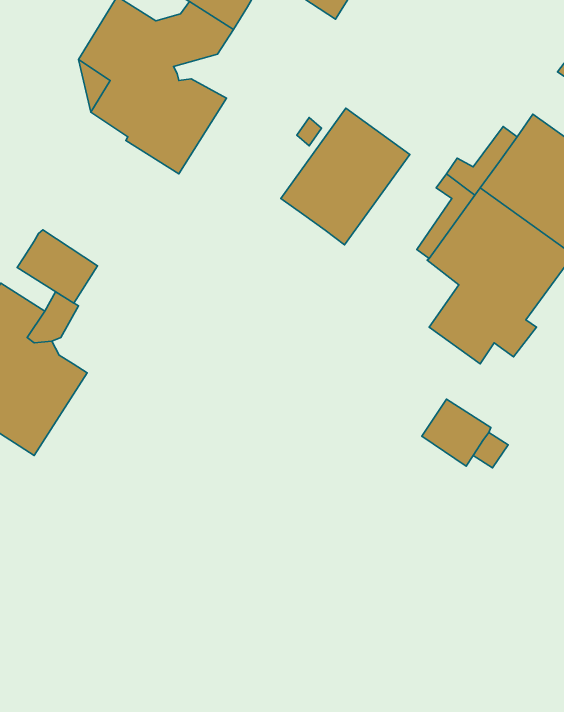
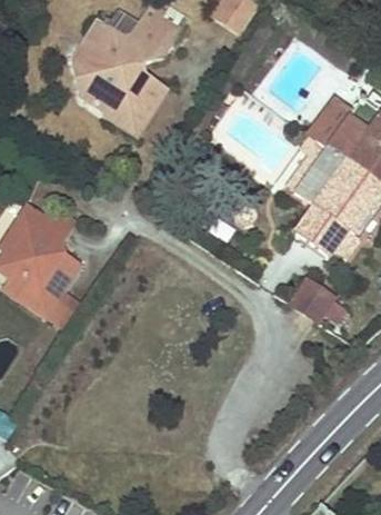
building: [281,108,410,245] -> none
building: [17,230,97,303] -> none

